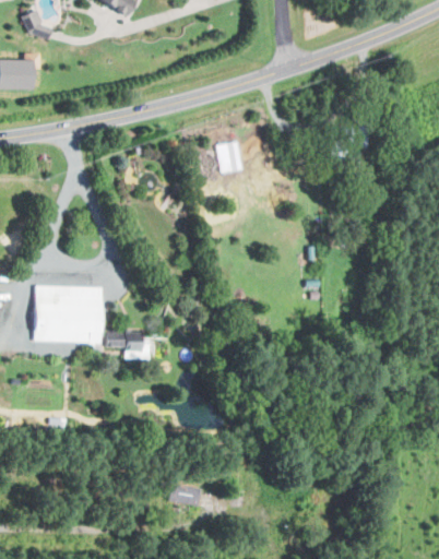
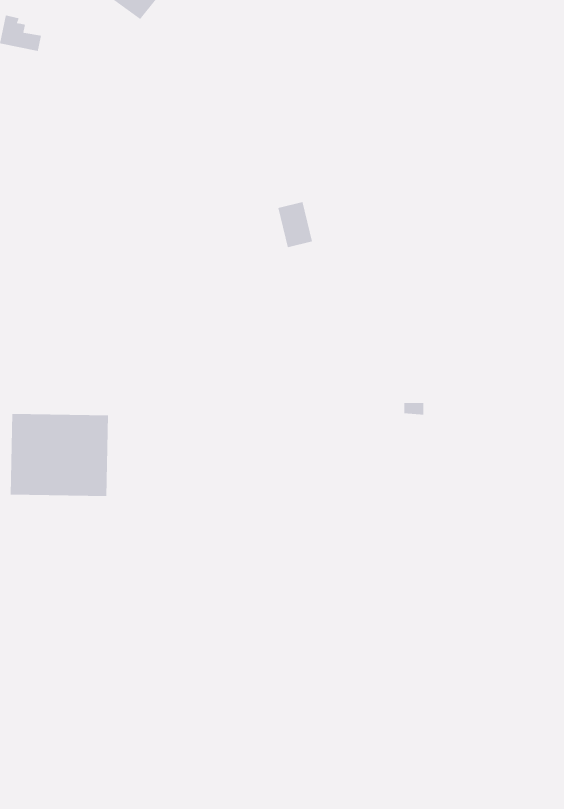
building: [107,332,152,359] -> none
building: [167,483,199,506] -> none

